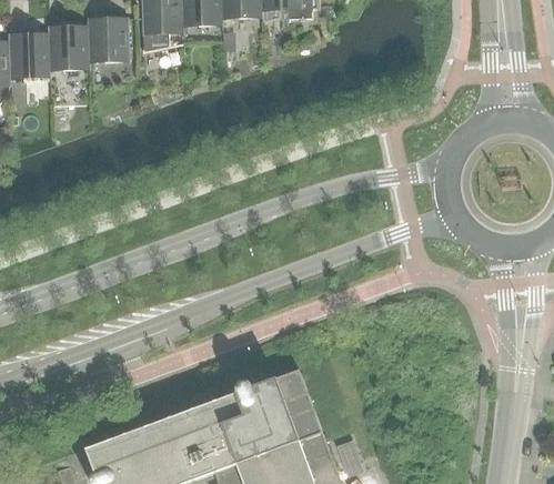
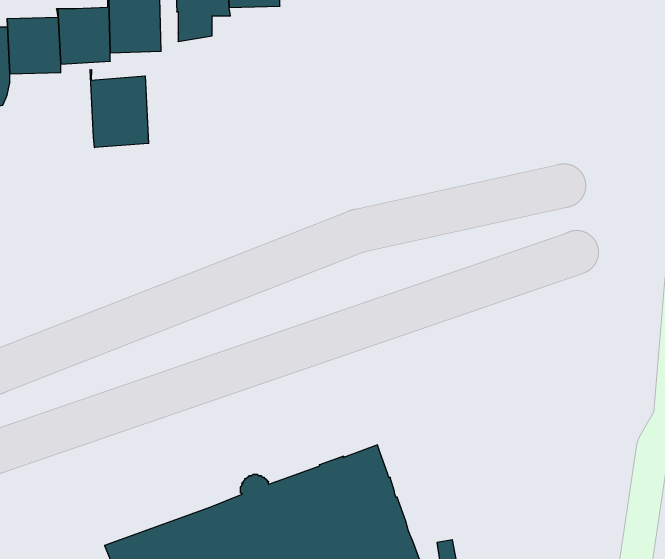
building: none -> [90,70,149,148]

